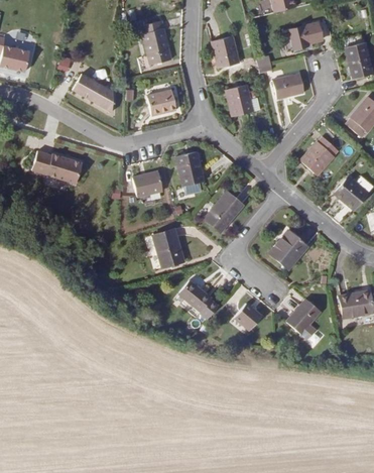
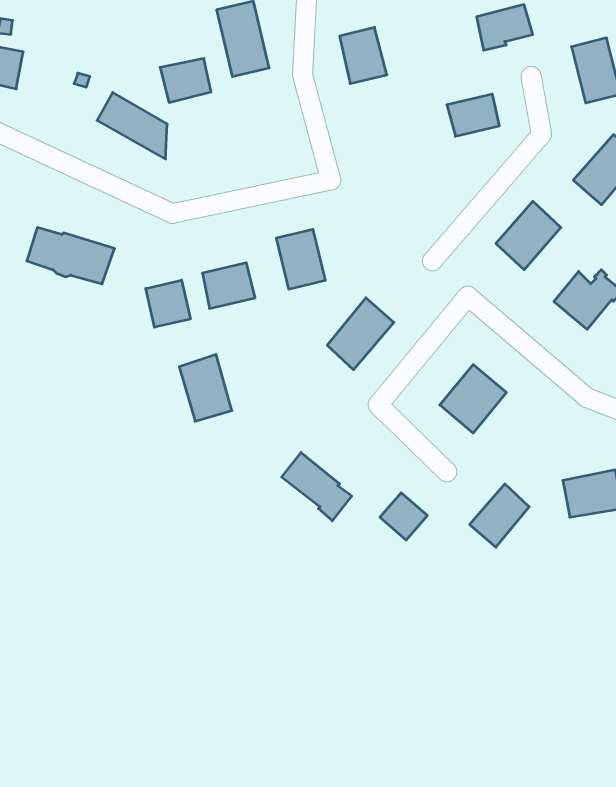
building: [226,84,260,116] -> none
building: [147,90,176,115] -> [160,59,211,102]
building: none -> [146,280,190,327]
building: [153,228,183,266] -> [179,354,232,421]

